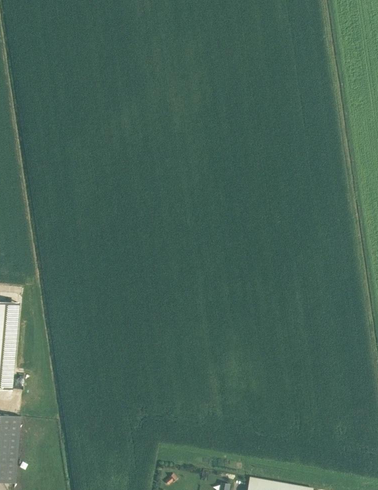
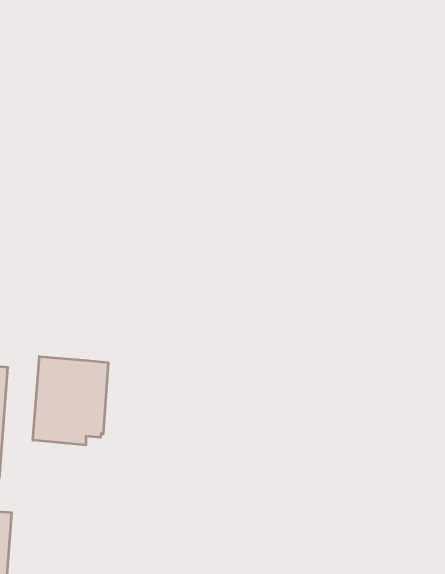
building: none -> [33,356,108,445]

